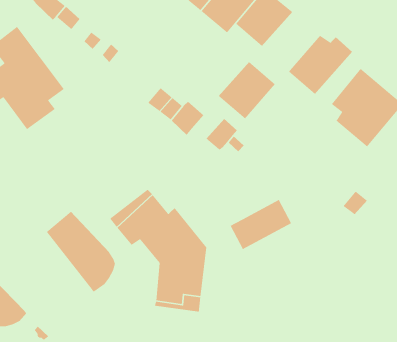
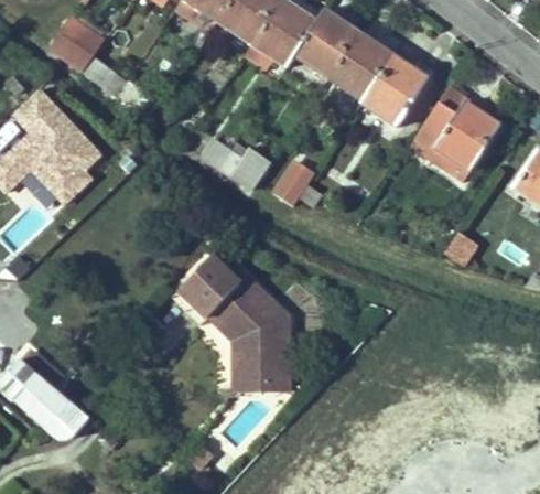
building: [218,61,276,119] -> [327,32,393,100]
building: [229,199,292,250] -> none
building: [46,211,116,292] -> none

